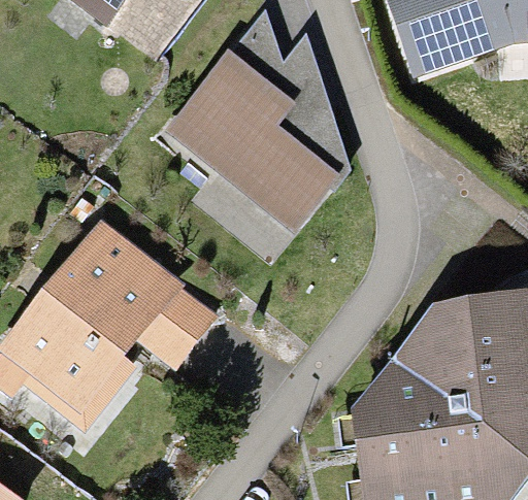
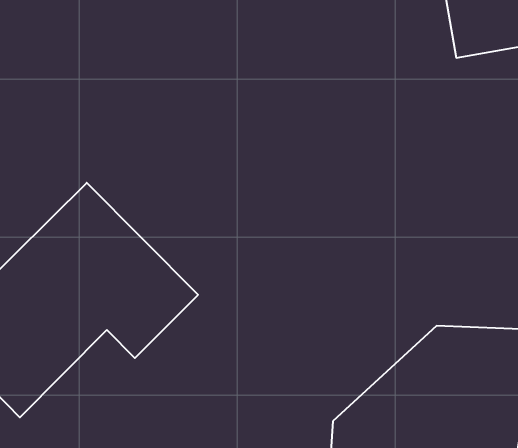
building: [189,54,360,235] -> none

